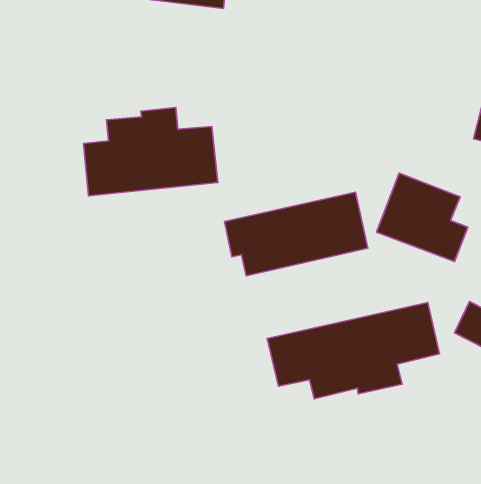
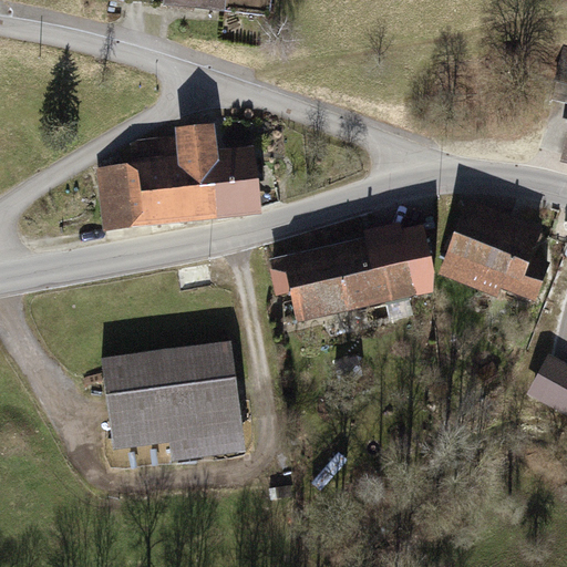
building: none -> [101,341,245,464]
building: [267,302,439,399] -> none

